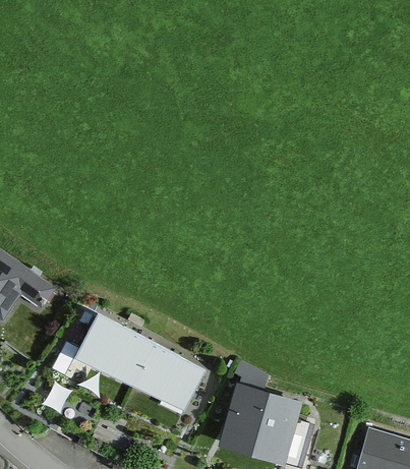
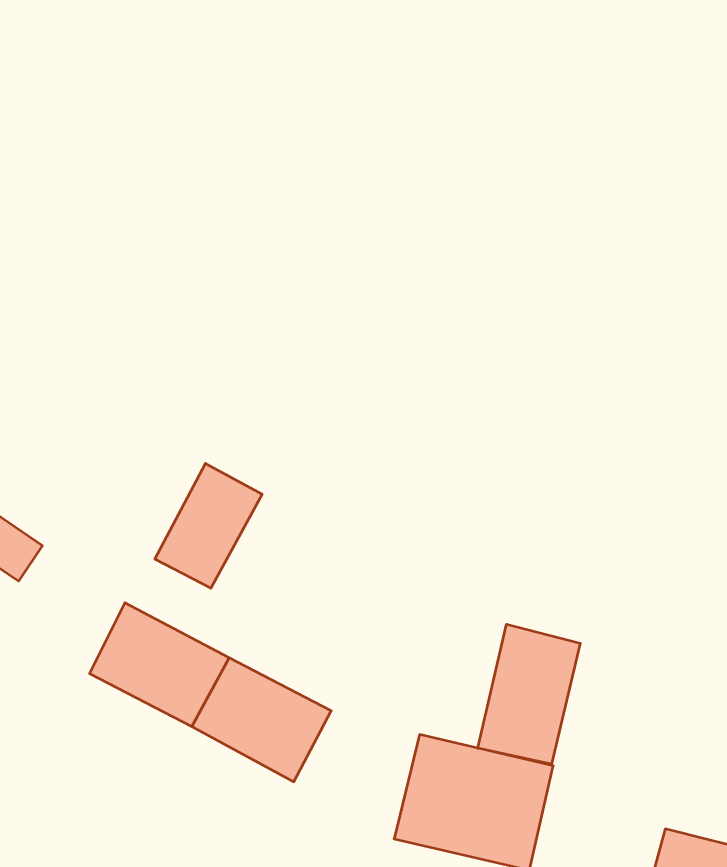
building: none -> [155,463,262,588]
building: none -> [478,624,580,764]

